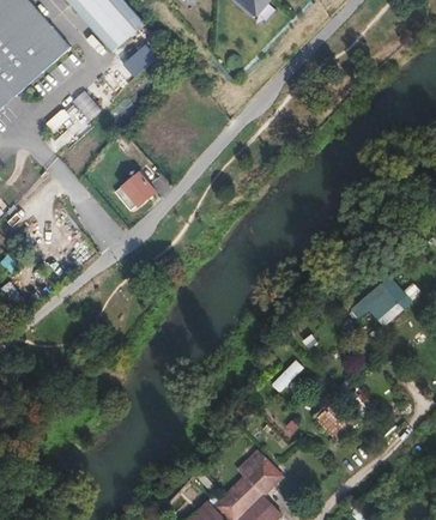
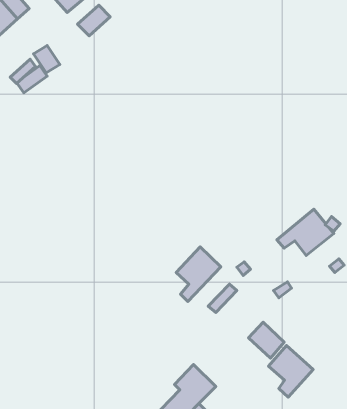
building: [114,173,153,210] -> none
building: none -> [176,247,221,301]
building: none -> [269,346,313,397]

